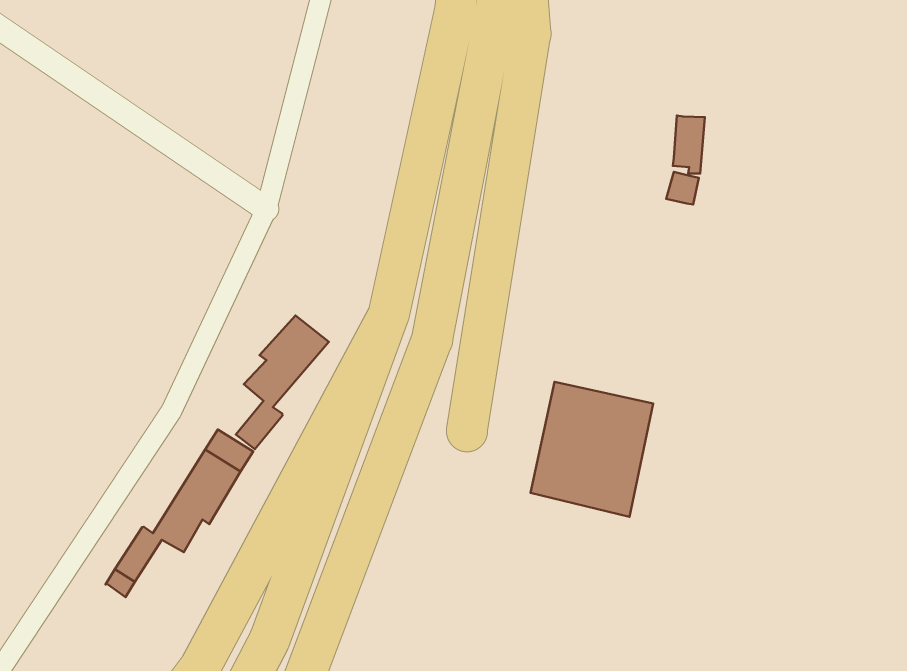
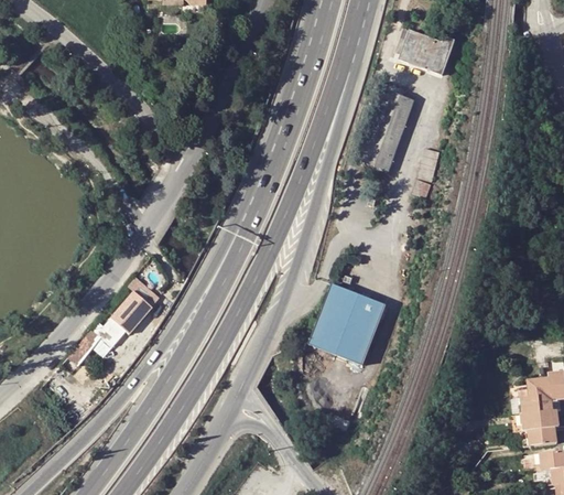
building: none -> [362,83,414,171]
building: [236,315,329,449] -> none

